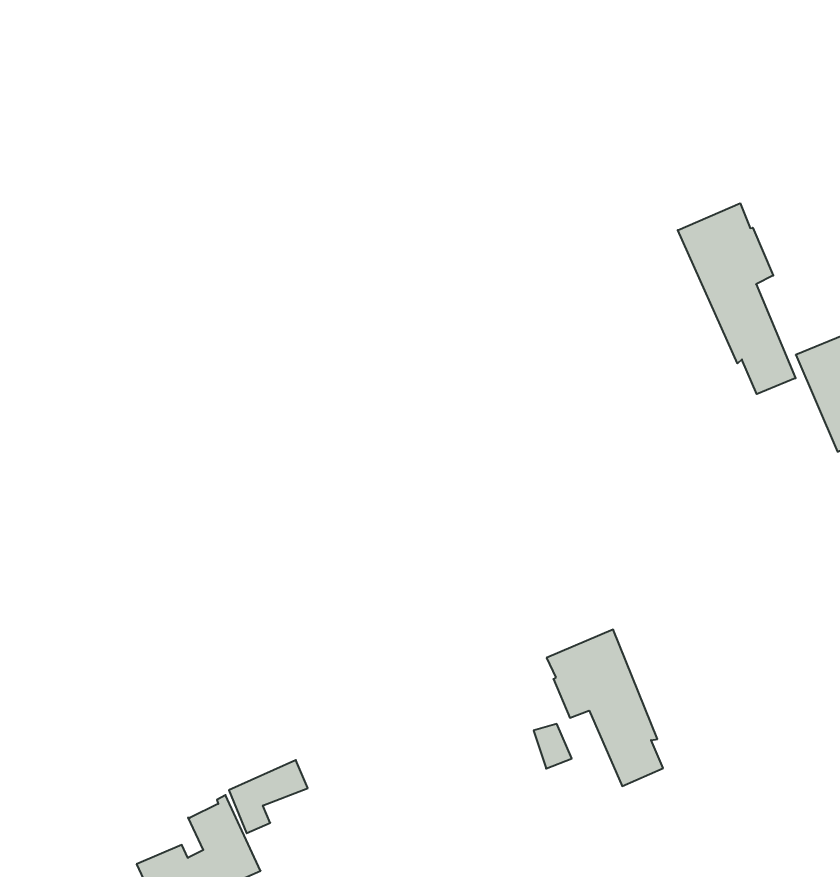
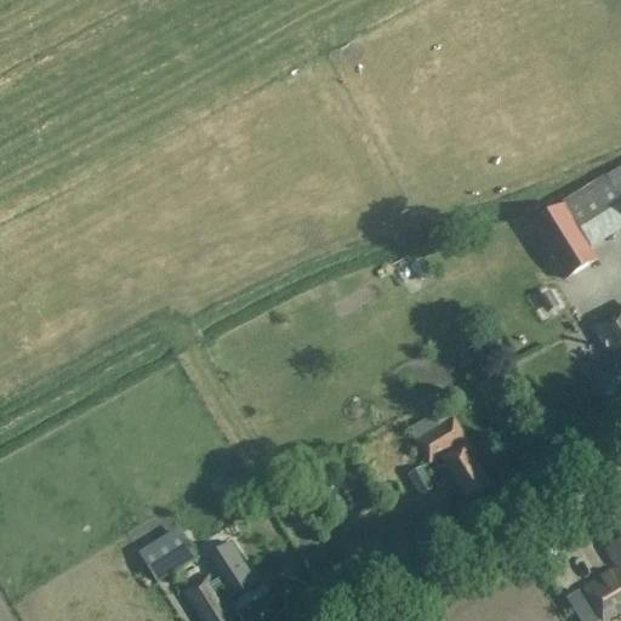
building: [678,203,796,394] -> none
building: [229,760,308,833] -> [143,530,190,579]

